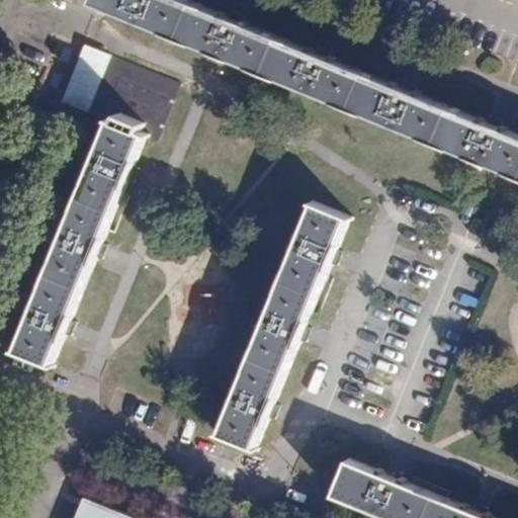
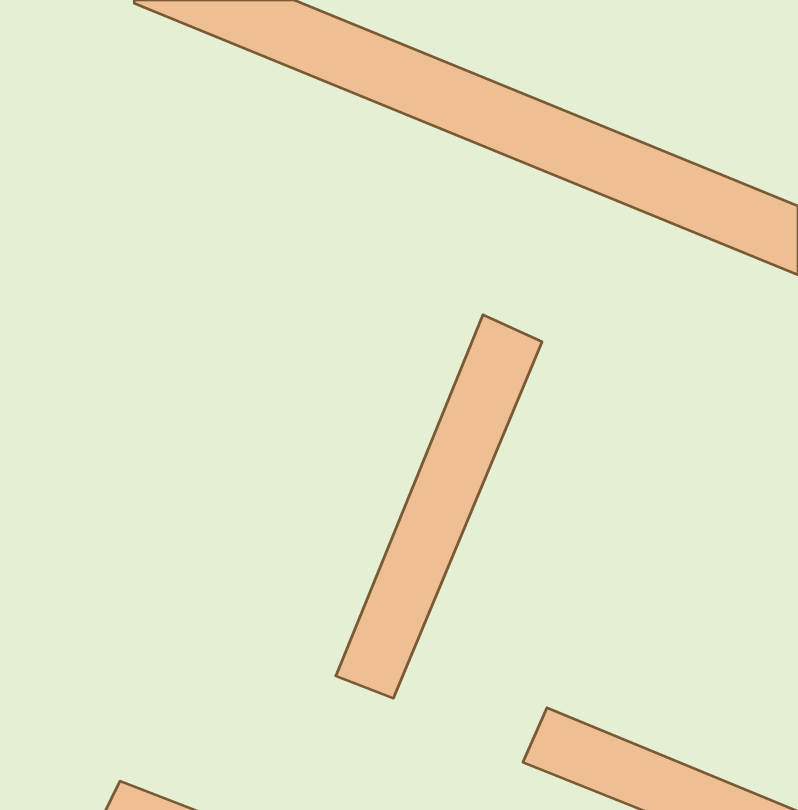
building: [9,58,171,366] -> none

